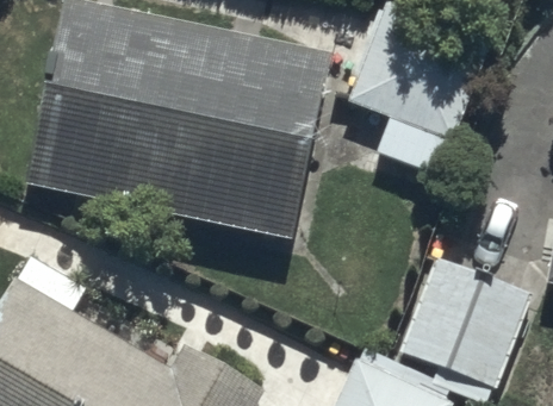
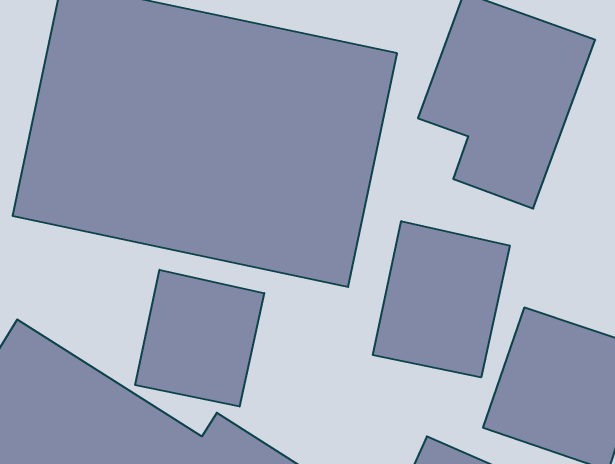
building: none -> [373,221,510,377]
building: none -> [135,270,264,407]

